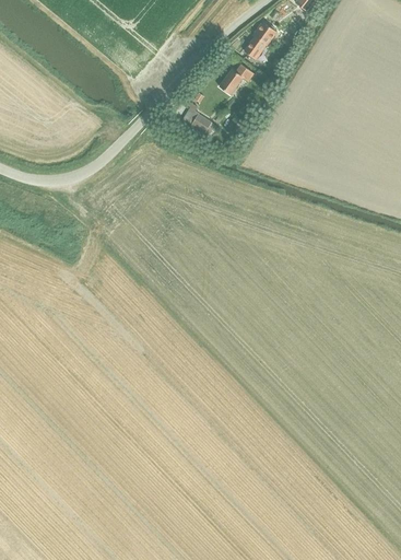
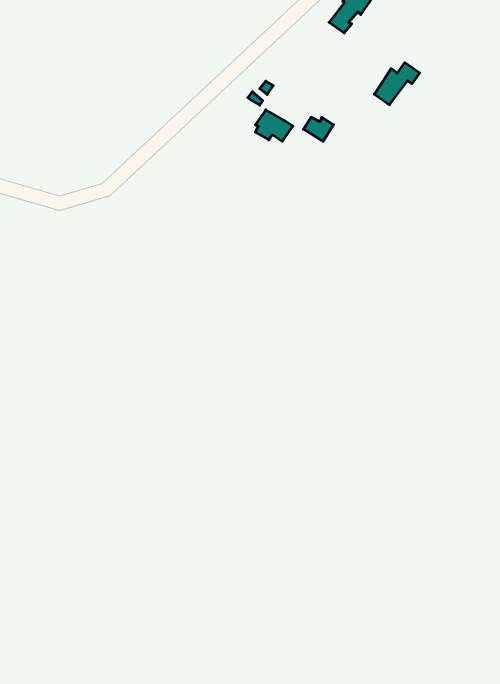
building: [219,63,251,94] -> [374,63,420,105]

